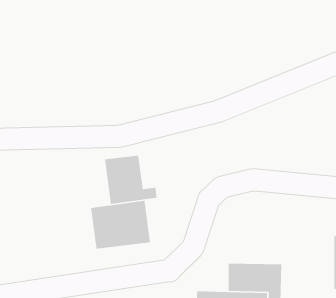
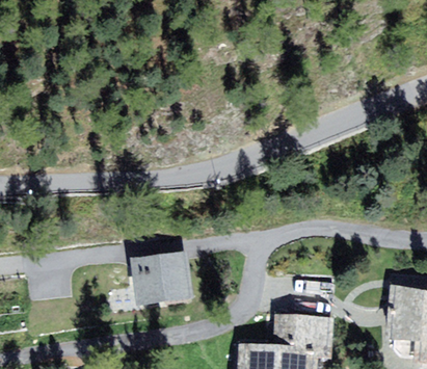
building: [104,155,158,205] -> none

